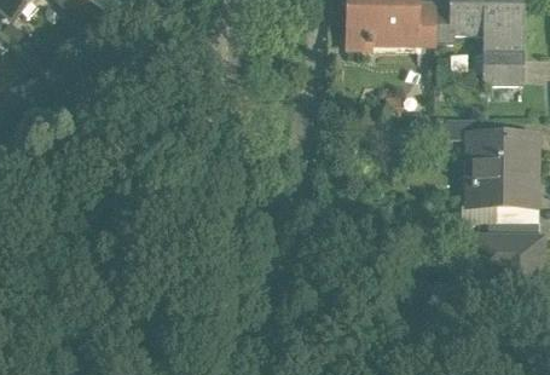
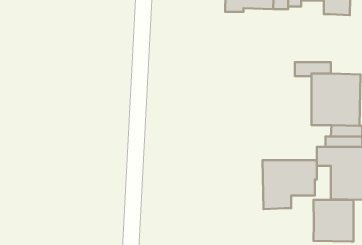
building: [481,51,519,82] -> none
building: none -> [263,160,317,209]
building: none -> [313,200,354,241]

